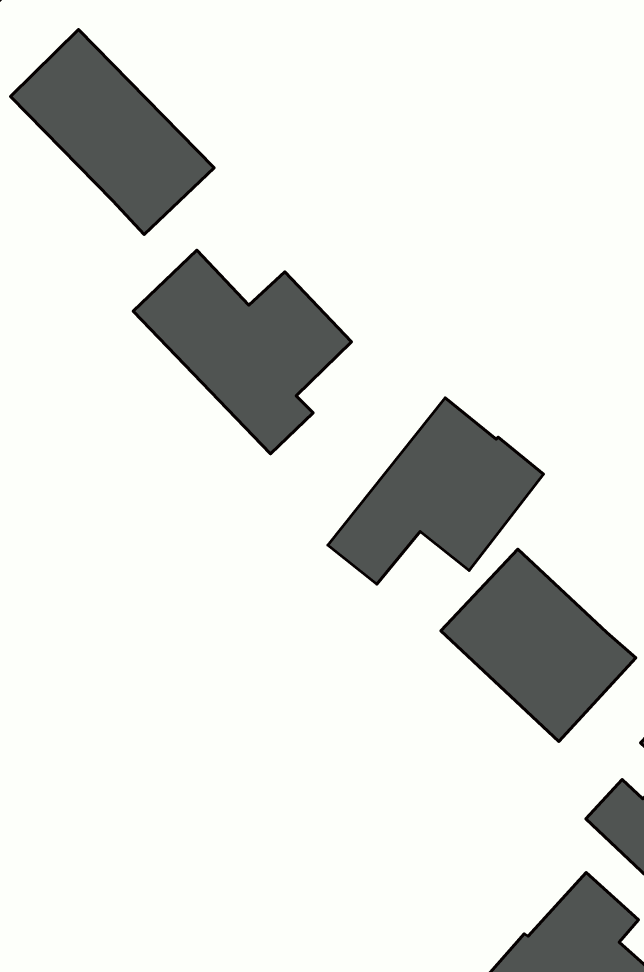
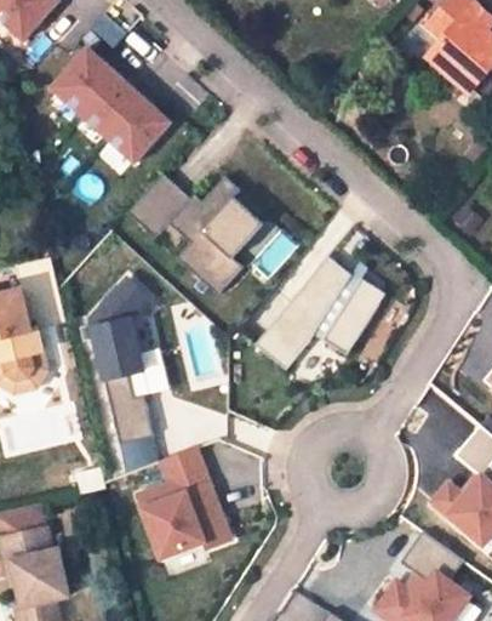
building: none -> [84,287,164,444]
building: [441,549,636,742] -> none
building: none -> [133,445,233,562]

